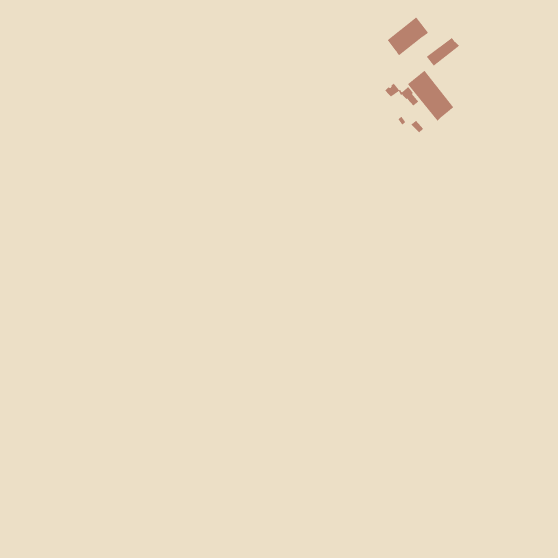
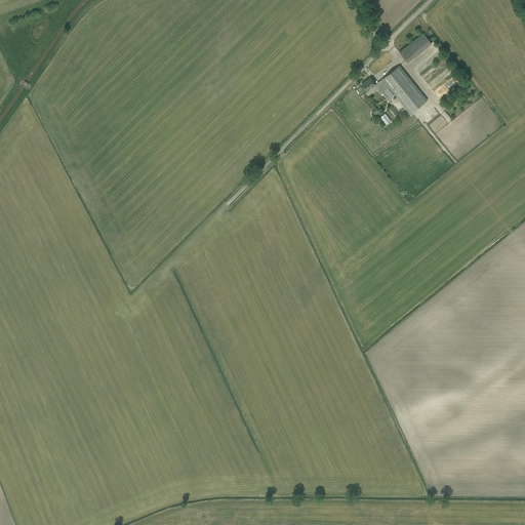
building: [387,16,429,56] -> none

